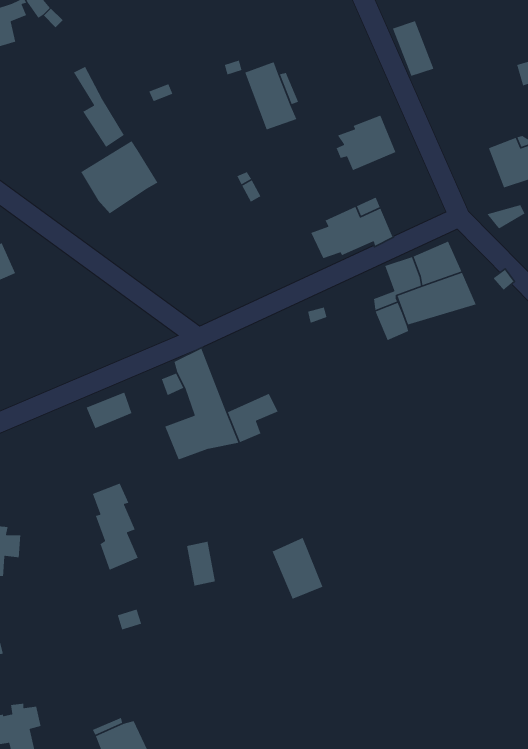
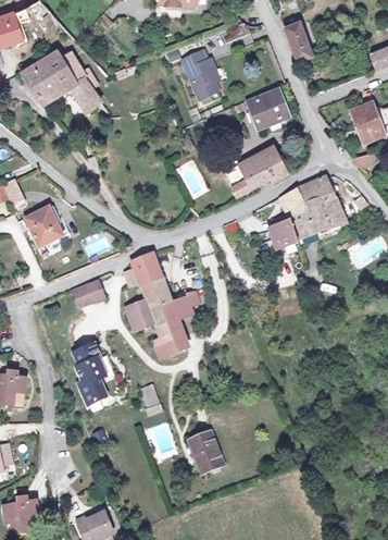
building: [80,140,159,214] -> [23,53,77,105]
building: none -> [25,206,63,245]
building: none -> [157,317,187,353]
building: [272,537,324,600] -> [195,433,230,477]

